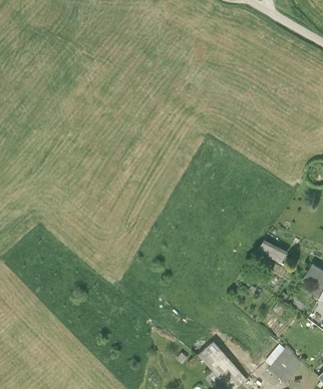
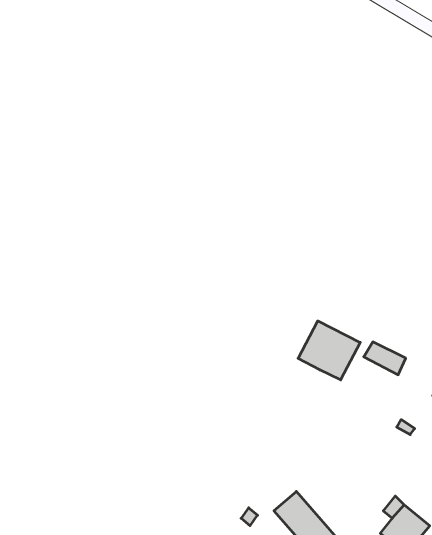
building: none -> [298,321,360,380]

